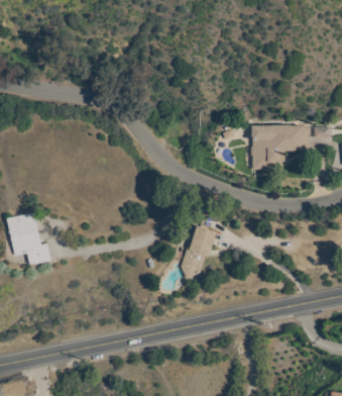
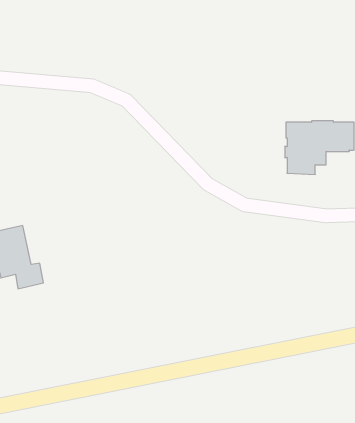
building: [181,224,217,279] -> none

